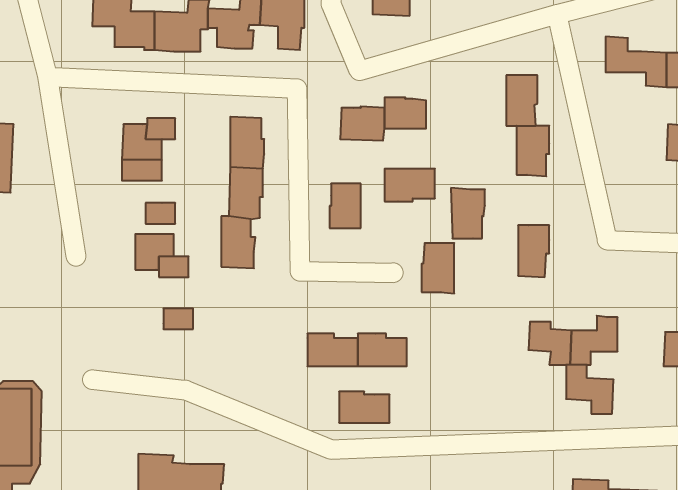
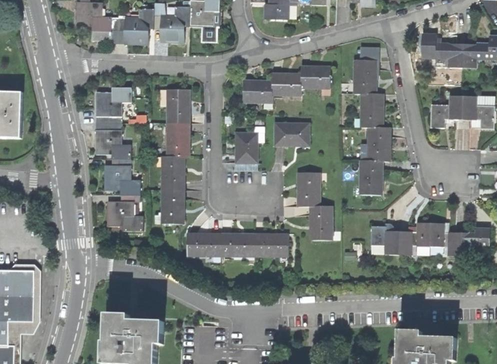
building: none -> [300,67,330,88]
building: none -> [430,92,463,125]
building: none -> [95,130,122,155]
building: [451,188,485,238] -> [368,126,391,160]
building: none -> [161,188,184,222]
building: none -> [107,201,133,226]
building: none -> [310,205,332,240]
building: [566,365,614,414] -> [429,222,461,255]
building: [339,392,390,423] -> [186,234,220,255]

